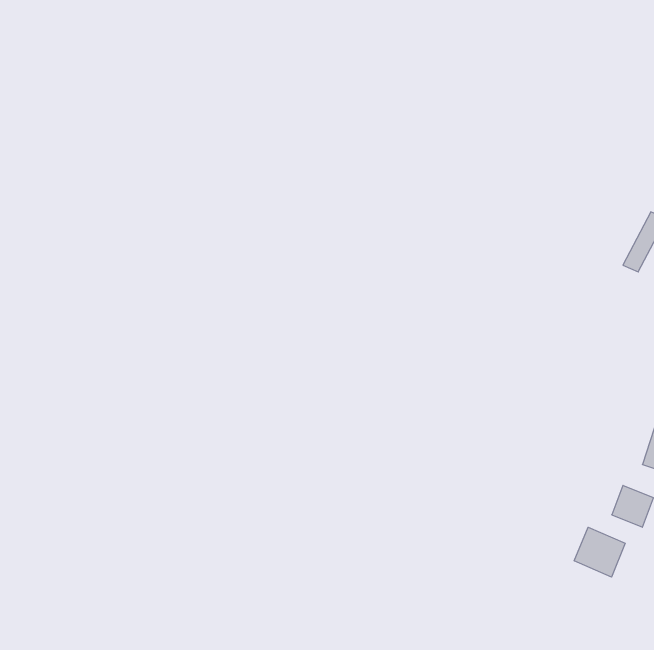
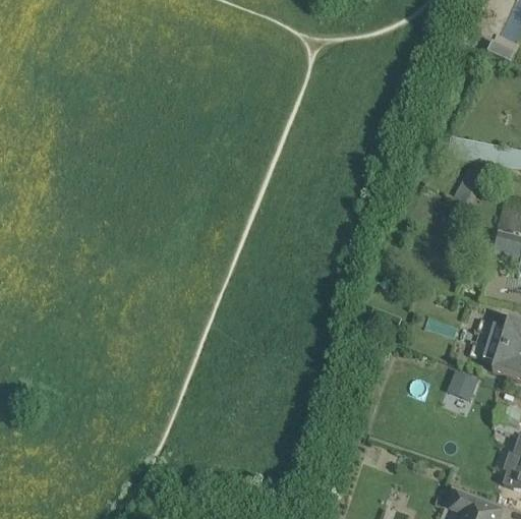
building: [574,527,625,577] -> none

